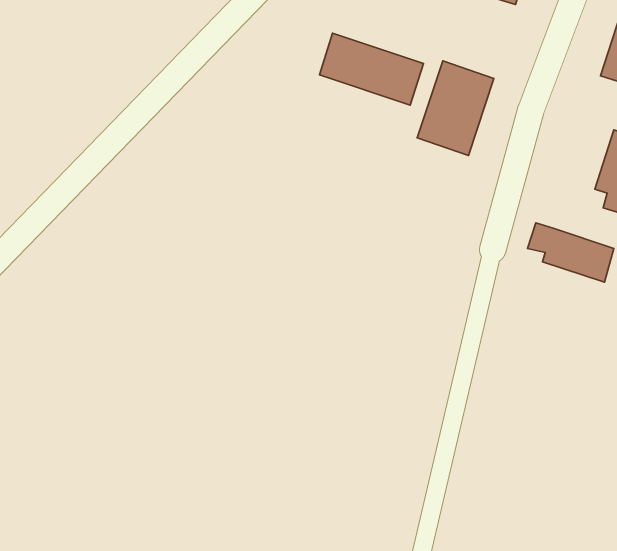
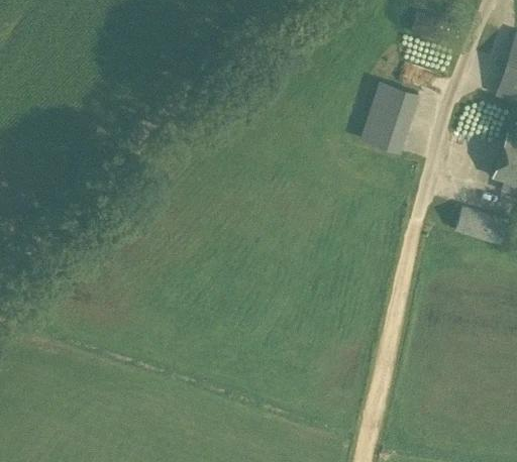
building: [319,33,424,105] -> none

